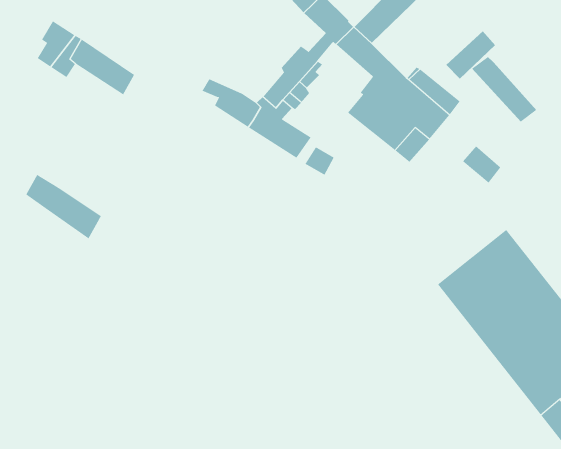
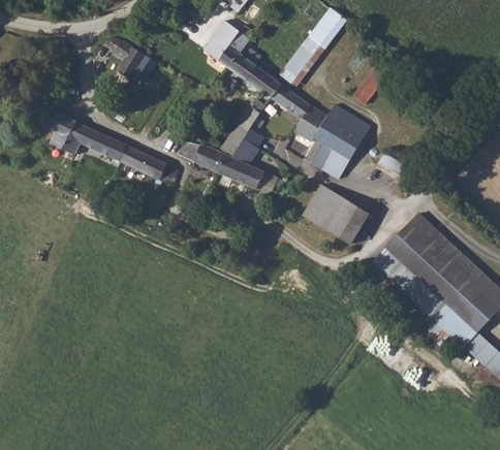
building: [471,56,537,122] -> none
building: none -> [302,186,366,243]
building: [25,174,102,239] -> [116,142,176,185]

